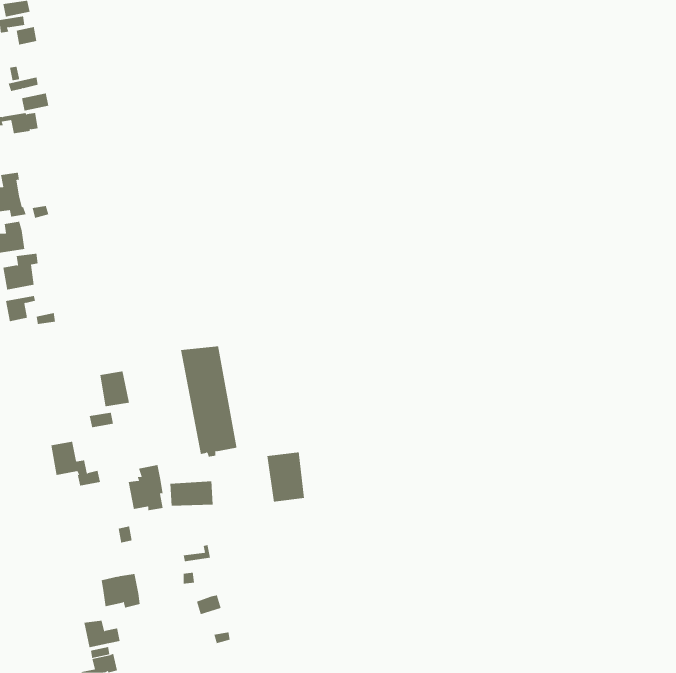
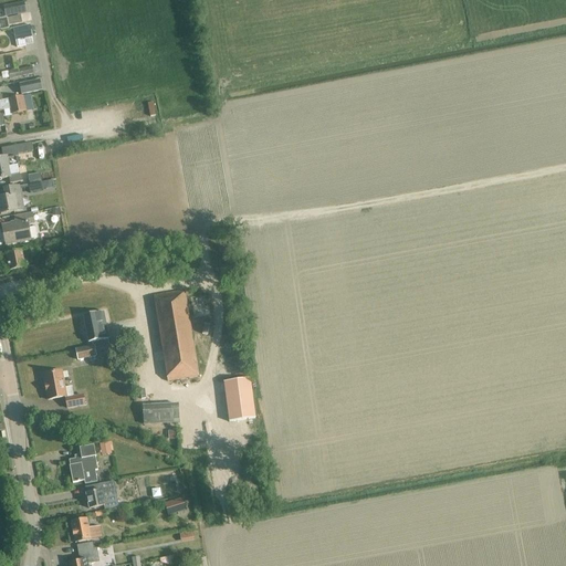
building: [128,465,163,511] -> [66,443,96,482]

